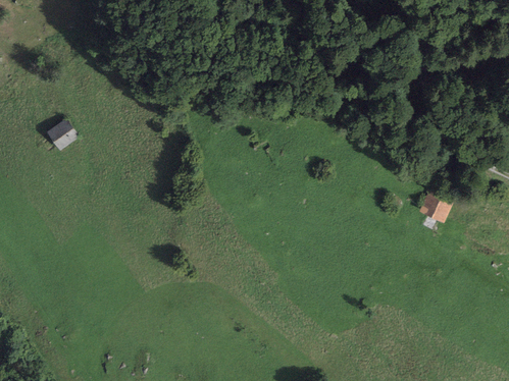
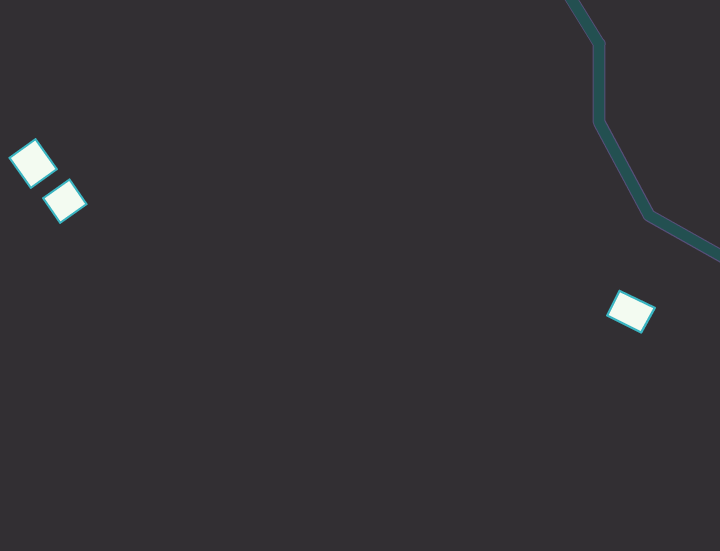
building: none -> [10,139,57,188]

